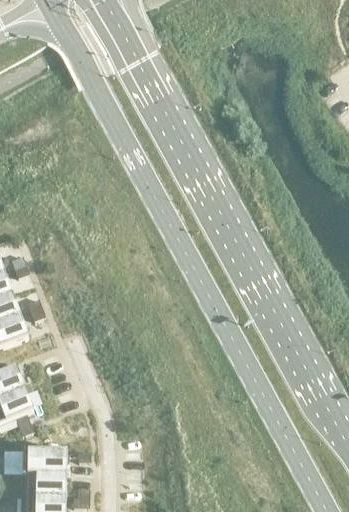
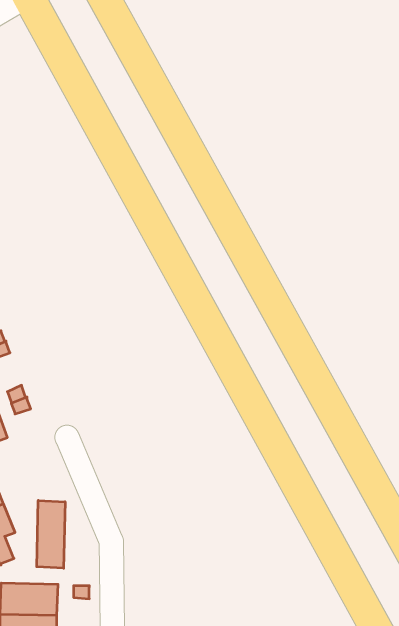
building: none -> [37,500,65,568]

